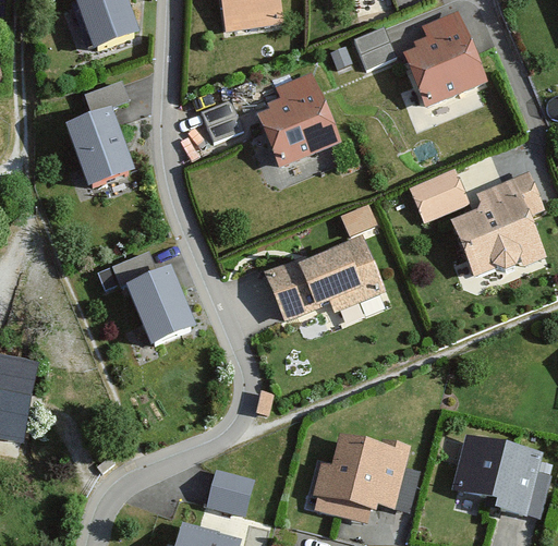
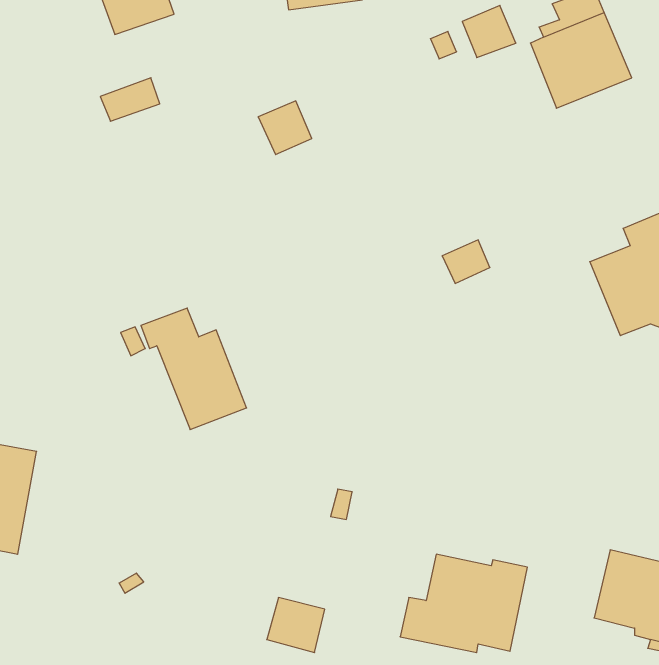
building: [259,70,340,166] -> none
building: [65,111,133,186] -> none
building: [410,168,469,219] -> none
building: [268,235,383,318] -> none

